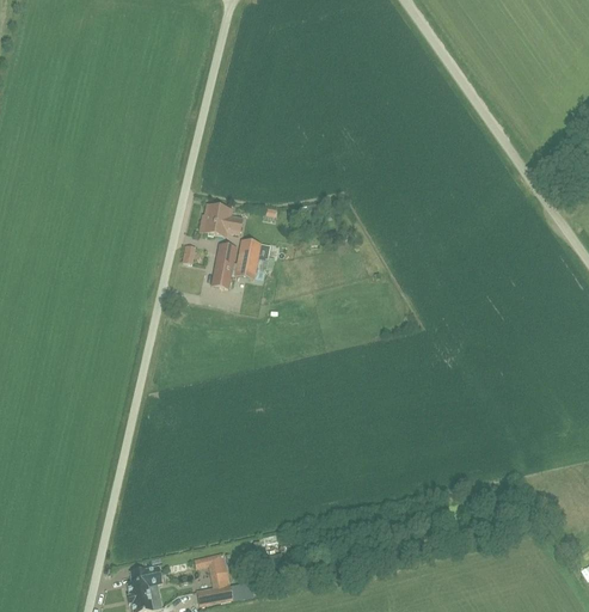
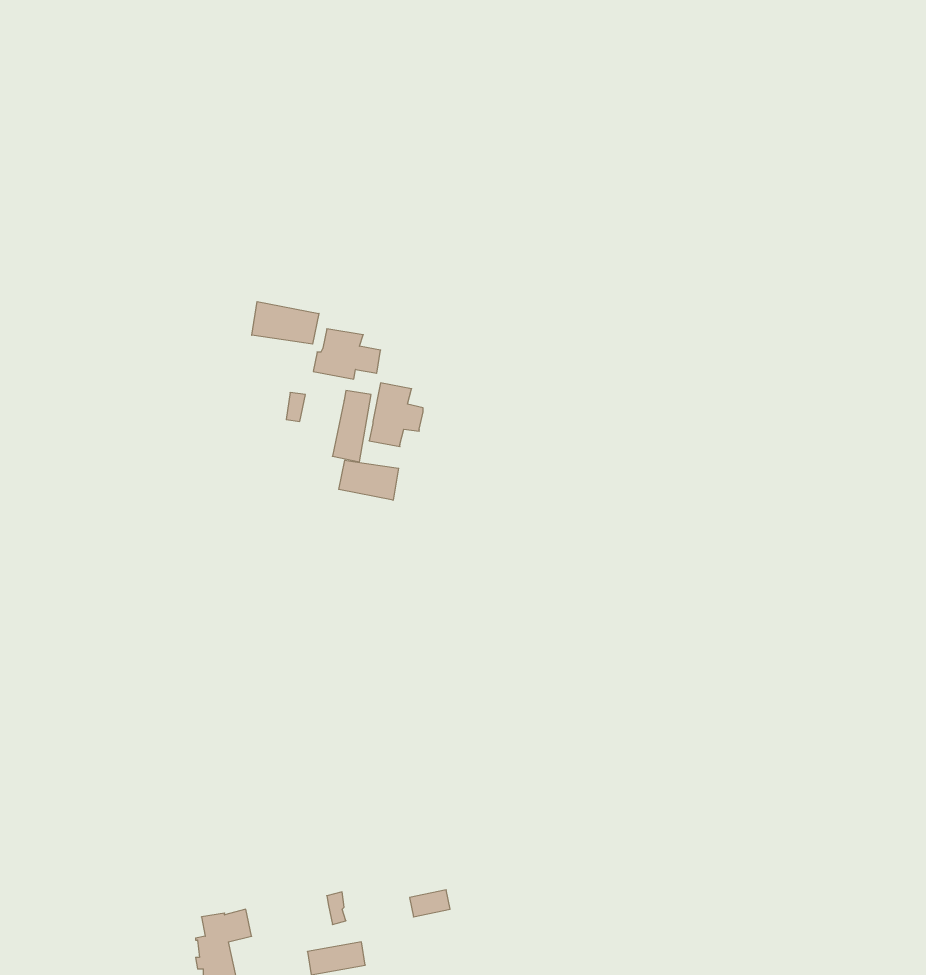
building: none -> [252,302,319,344]
building: none -> [339,460,399,500]

